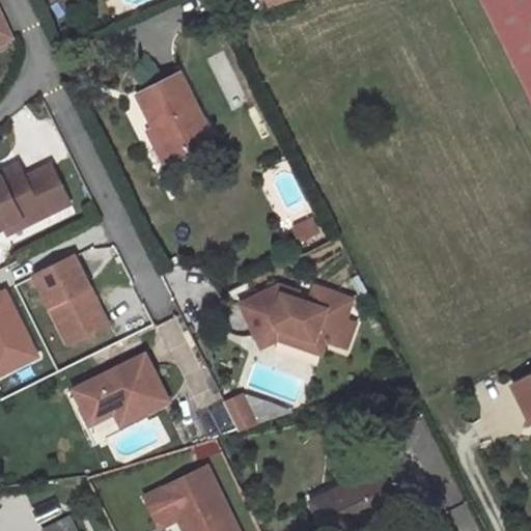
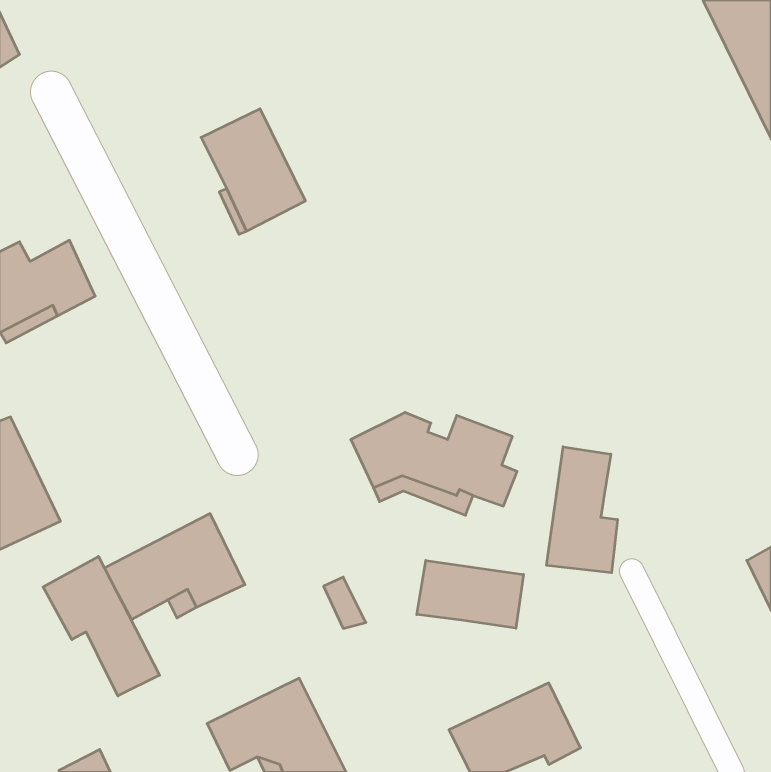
building: [35,256,108,344] -> none
building: none -> [547,447,617,573]
building: none -> [43,556,160,696]
building: none -> [417,560,523,628]

